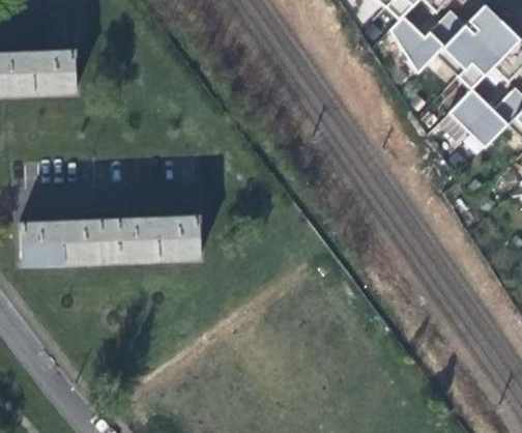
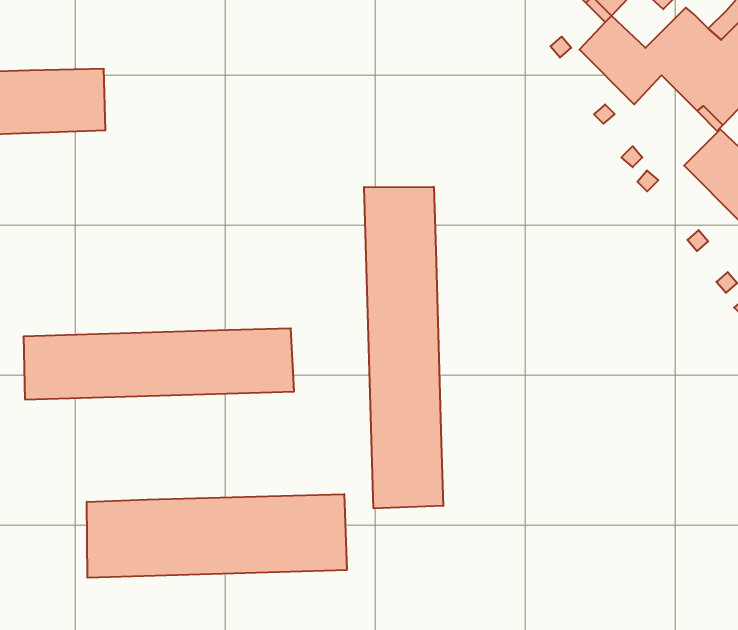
building: none -> [364,187,443,508]
building: none -> [87,494,347,578]

